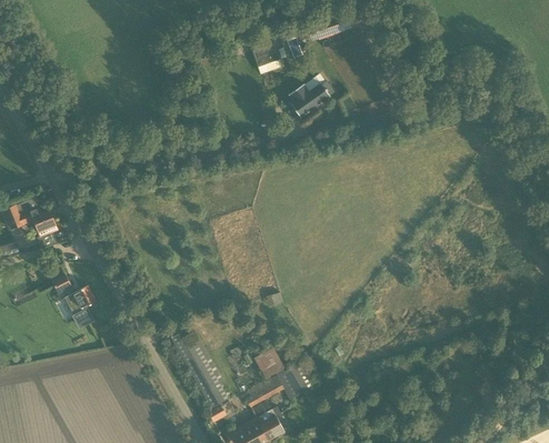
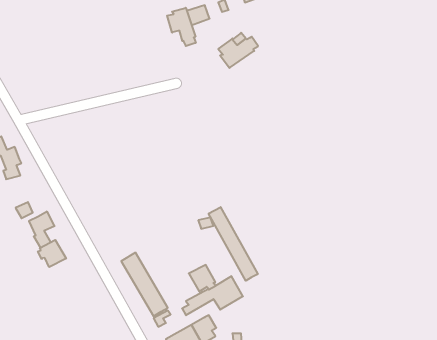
building: none -> [167,8,196,46]
building: none -> [209,207,258,281]
building: none -> [38,240,66,267]

